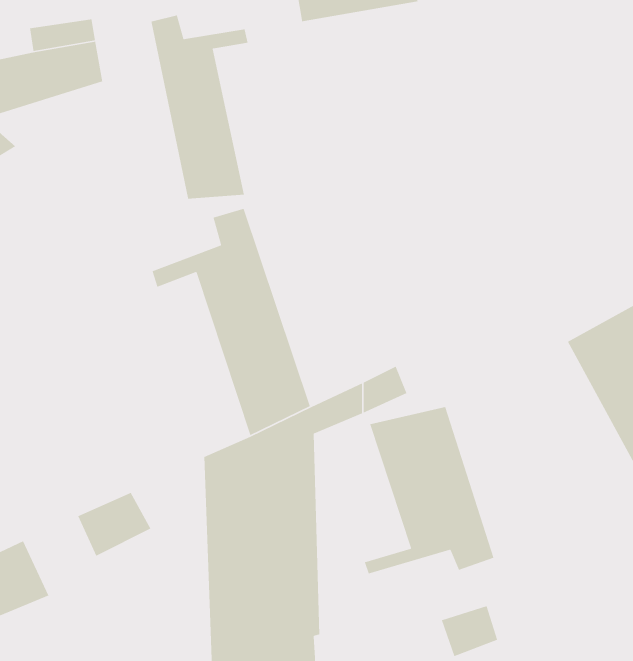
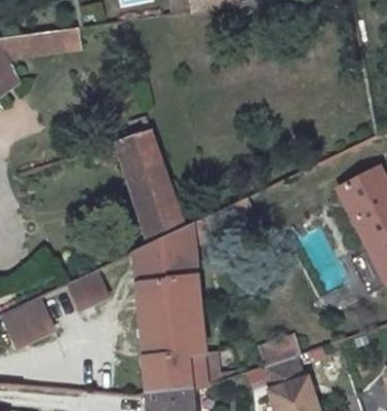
building: [151,14,248,199] -> none
building: [364,406,494,575] -> none

